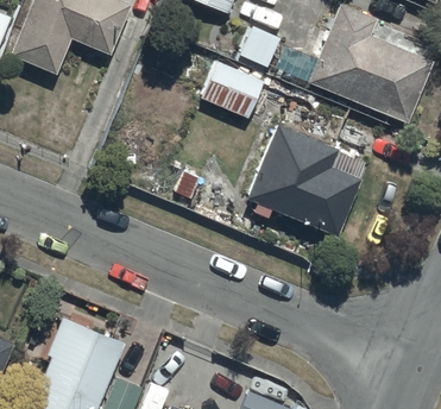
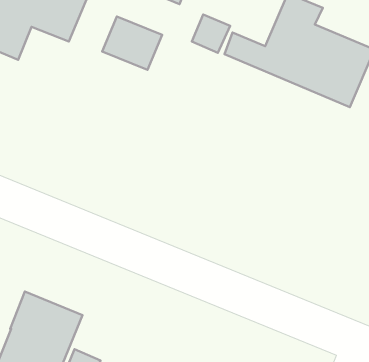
building: [201,62,264,118] -> [102,17,162,70]
building: [247,125,365,237] -> none

